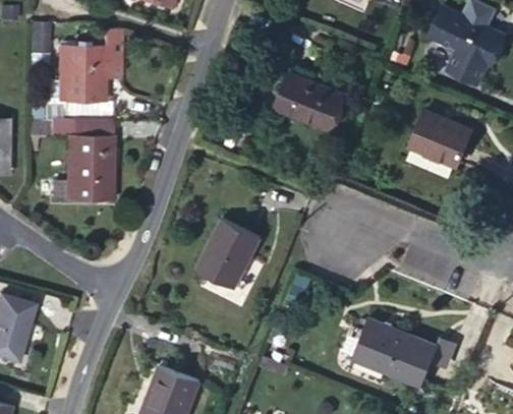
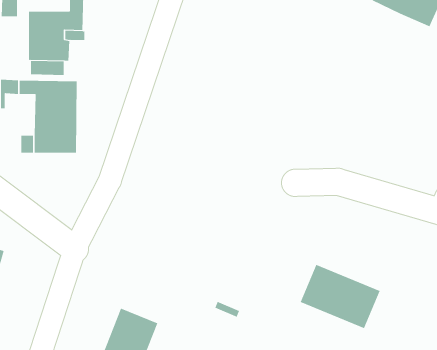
building: [449,50,490,84] -> none
building: [275,74,342,129] -> none
building: [410,111,472,166] -> none
building: [197,219,261,288] -> none

